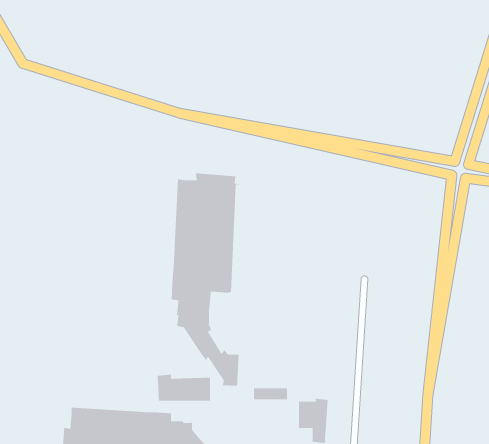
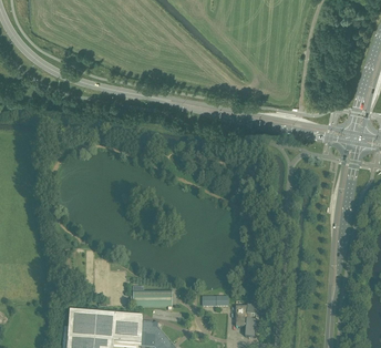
building: [171,172,239,387] -> none

